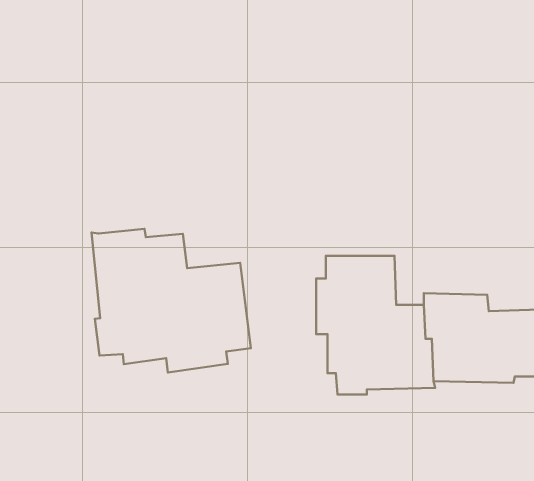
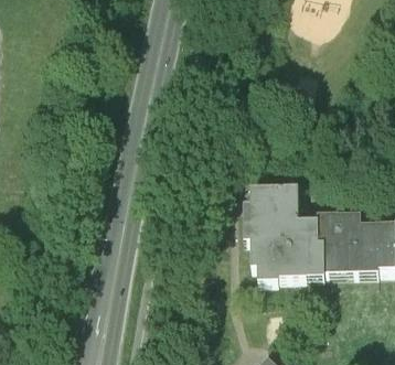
building: [91,229,251,372] -> none

